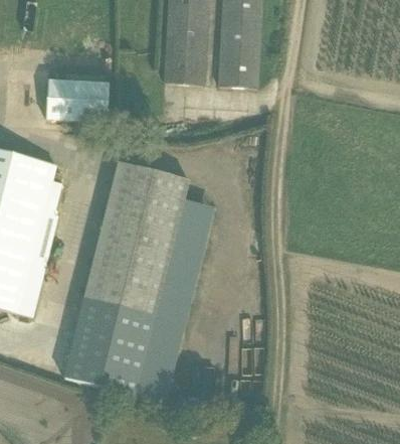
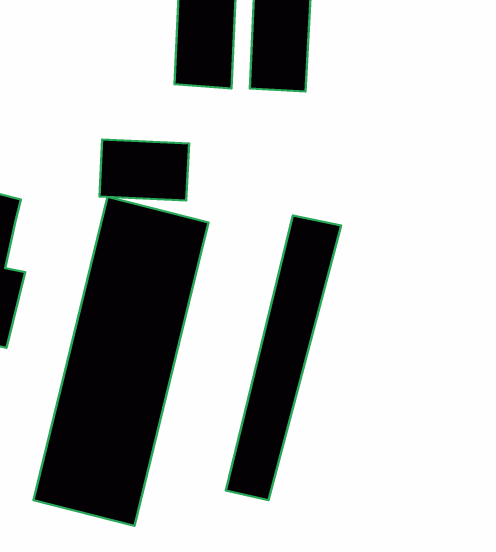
building: [46,78,110,121] -> [99,139,189,201]
building: [137,199,218,401] -> [226,215,341,500]

